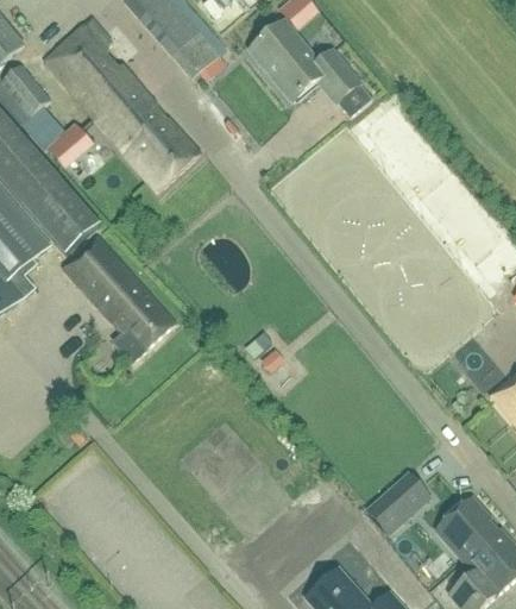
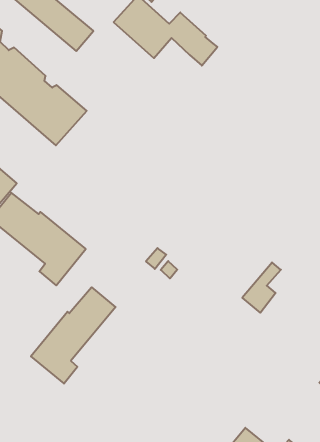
building: none -> [31,287,116,384]
building: [367,472,420,532] -> [242,262,281,313]

